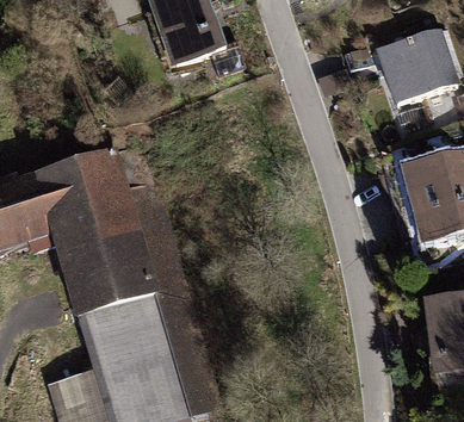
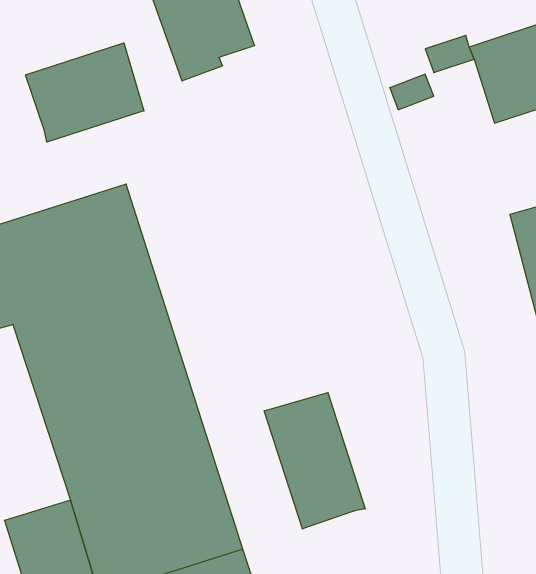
building: none -> [25,43,144,142]
building: none -> [264,393,365,529]

